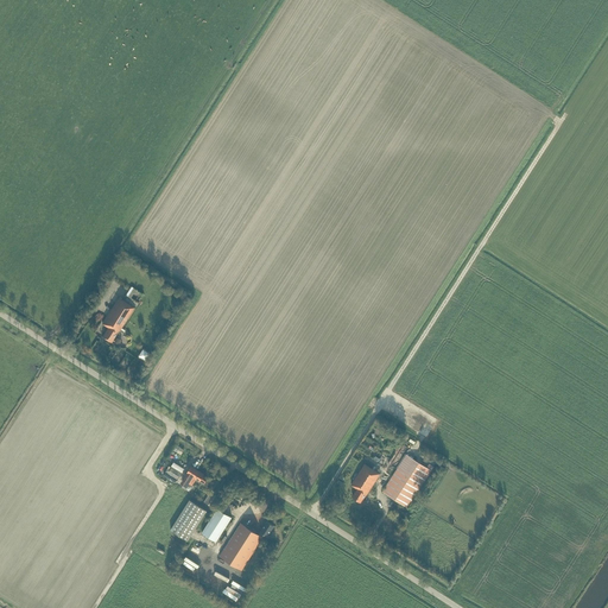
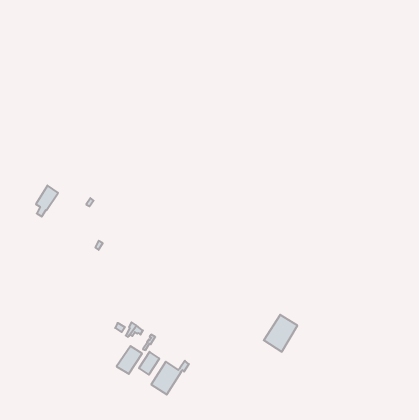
building: [101,297,133,342] -> [36,185,58,217]
building: [350,463,379,502] -> none

